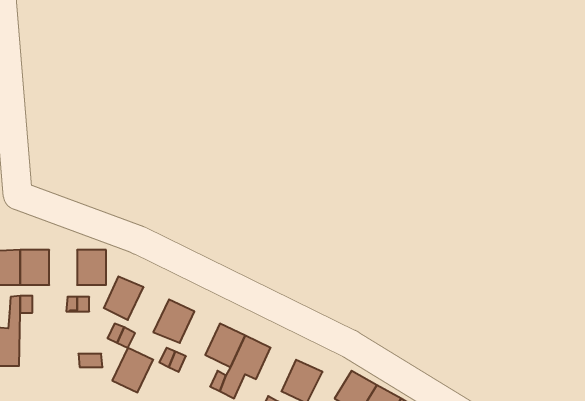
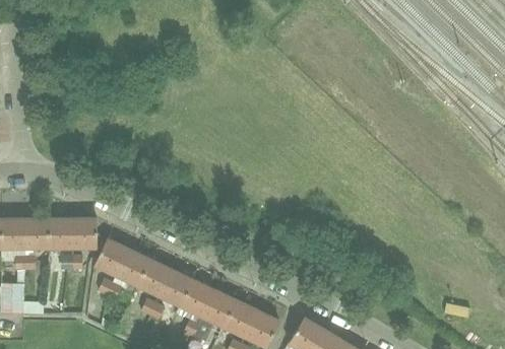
building: none -> [49,217,72,247]
building: none -> [159,269,192,305]
building: [112,348,153,392] -> [115,249,149,286]
building: none -> [223,299,256,336]

